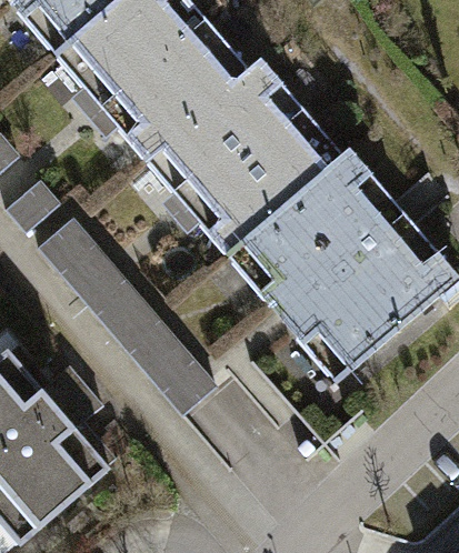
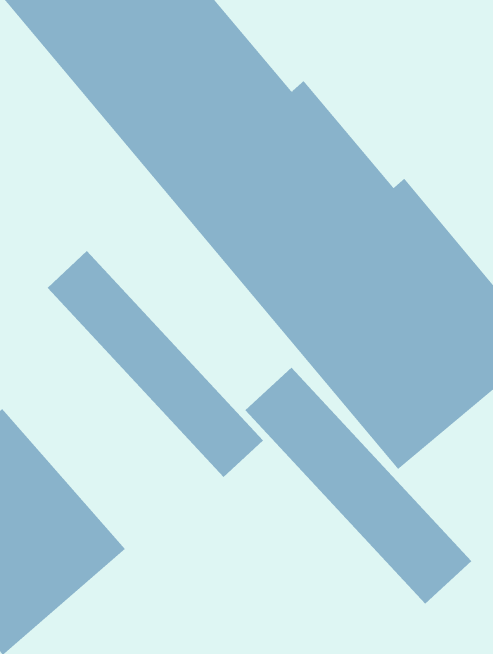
building: none -> [245,367,472,605]

